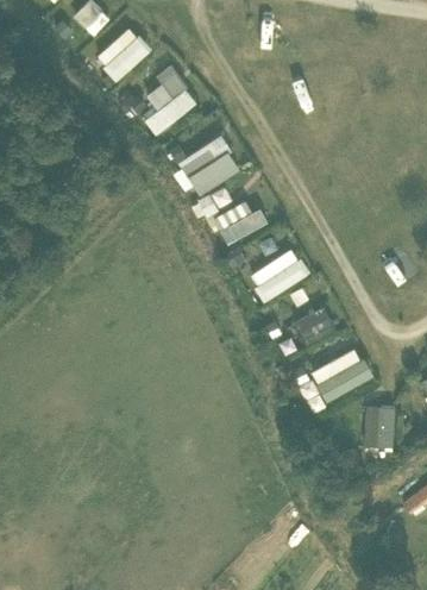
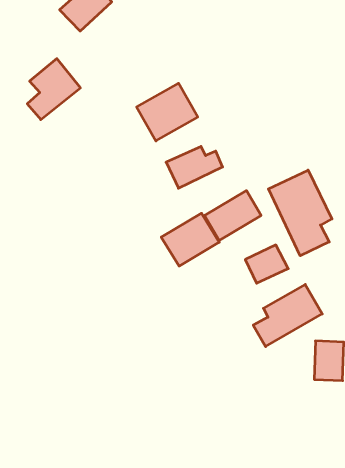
building: [142,71,197,136] -> [27,59,80,120]
building: none -> [268,170,332,256]
building: none -> [161,213,219,266]

